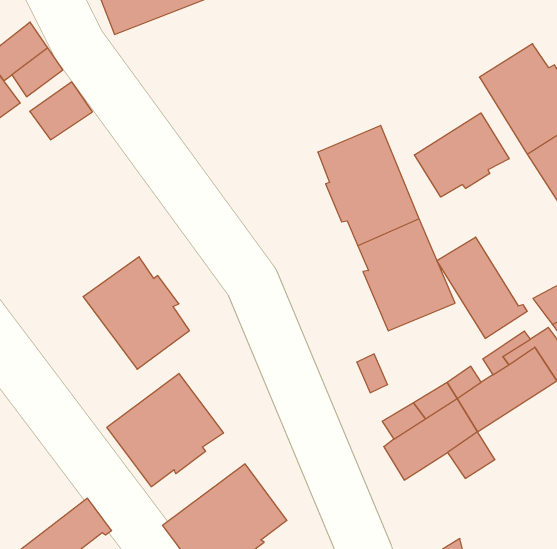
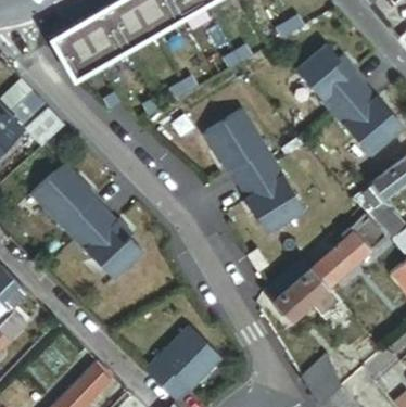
building: [414,113,509,197] -> none
building: none -> [34,165,107,239]
building: [437,237,527,338] -> none
building: [107,373,223,487] -> none

